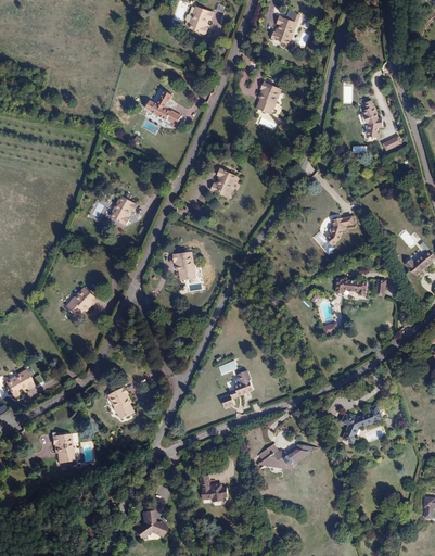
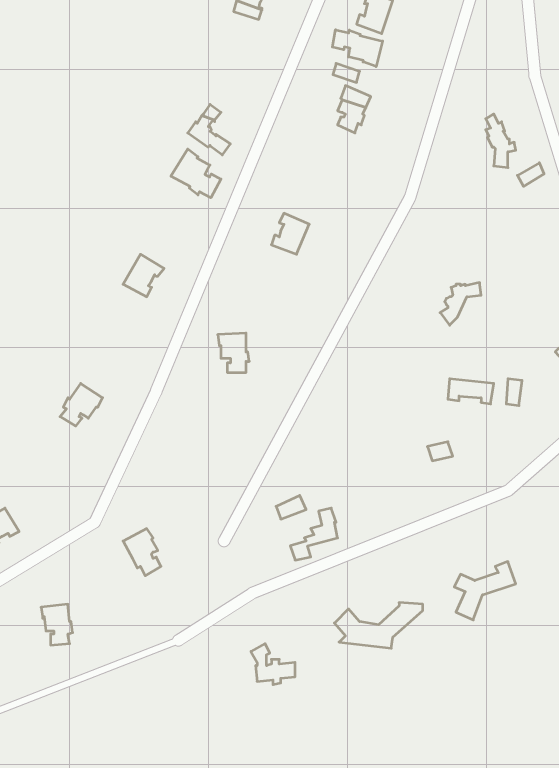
building: none -> [332,30,383,67]
building: none -> [171,149,221,198]
building: [137,510,170,539] -> none

